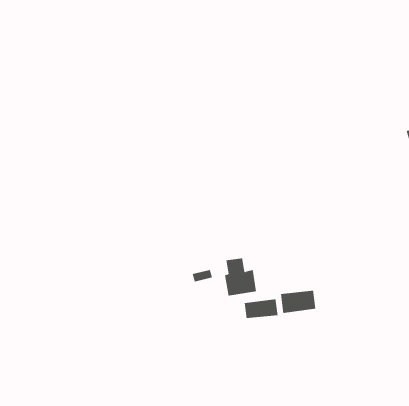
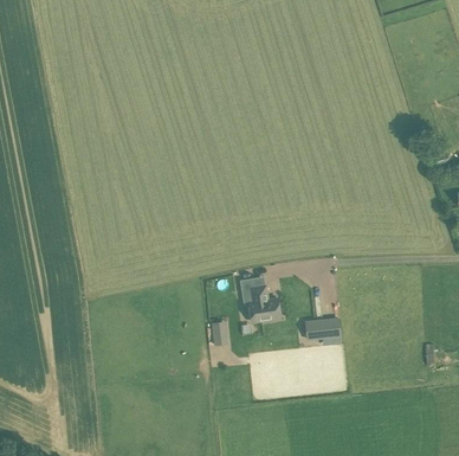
building: [244,298,278,319] -> none

